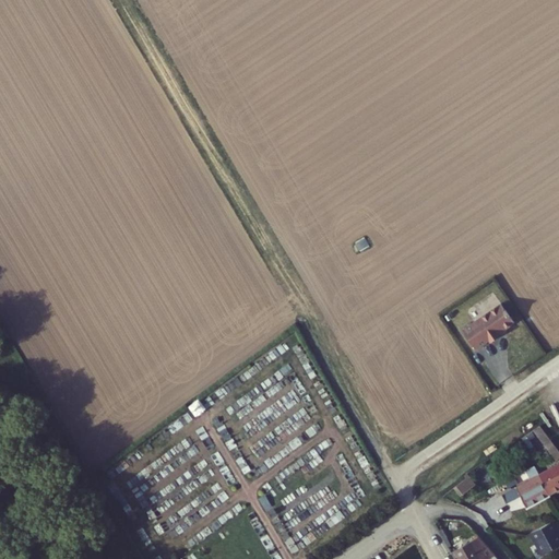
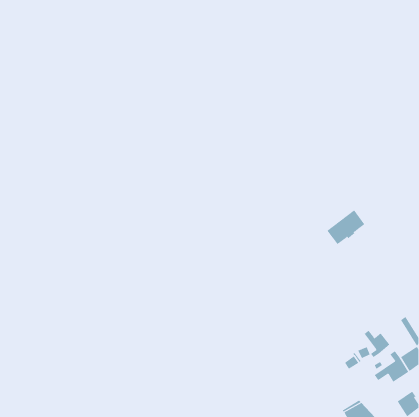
building: [468,300,520,347] -> [327,209,365,245]
building: none -> [364,330,390,358]

